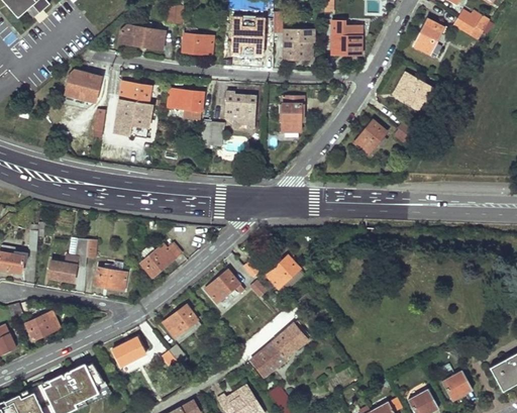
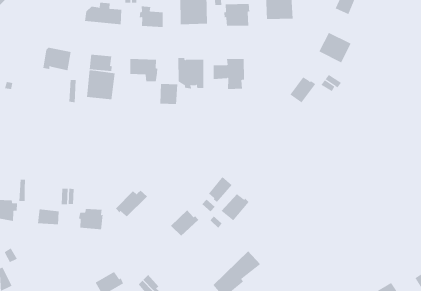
building: none -> [208,176,233,203]
building: [163,306,197,337] -> none
building: [24,311,59,339] -> none

